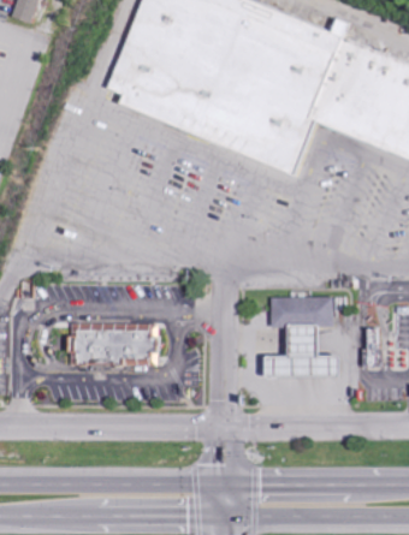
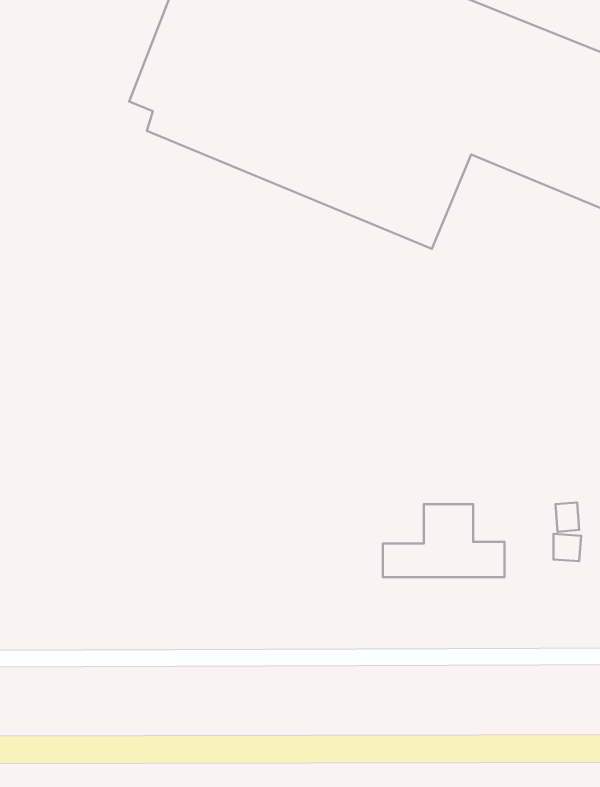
building: [269,296,334,327] -> none
building: [72,320,156,368] -> none

